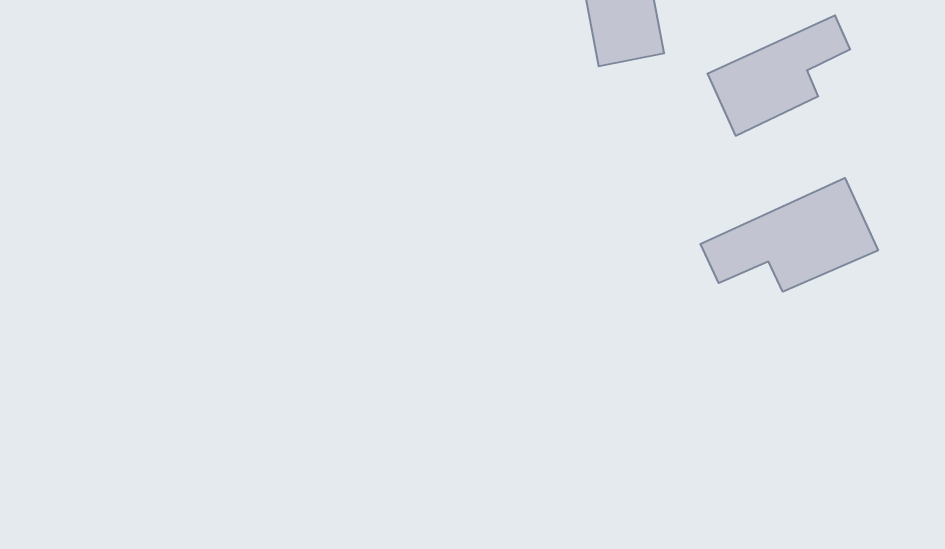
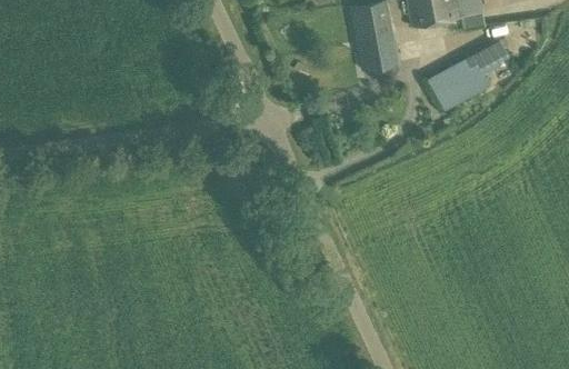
building: [700,178,878,292] -> none

